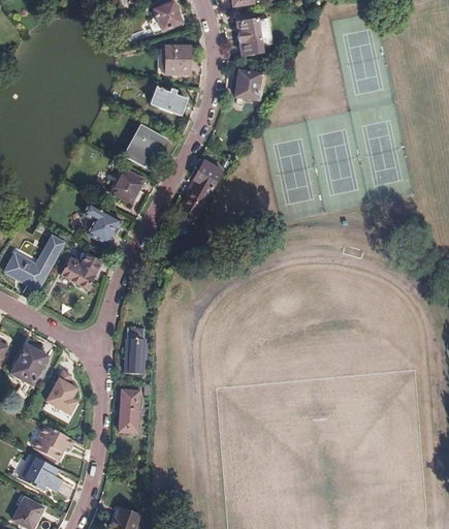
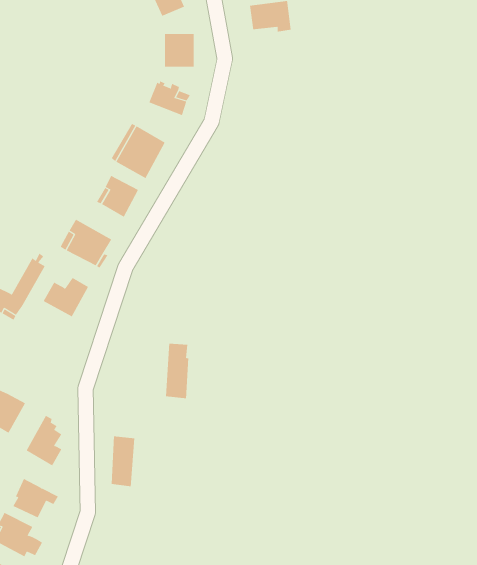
building: [235,71,261,105] -> none
building: [181,159,222,215] -> none
building: [125,325,146,373] -> [165,343,189,399]

